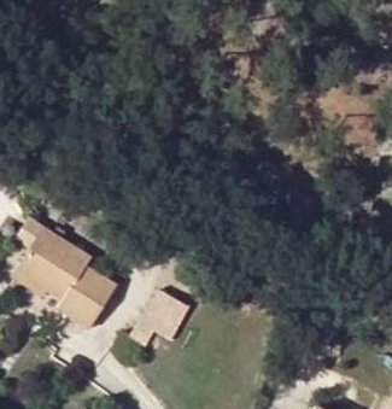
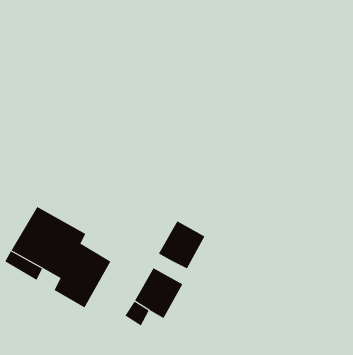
building: none -> [158,220,205,269]

